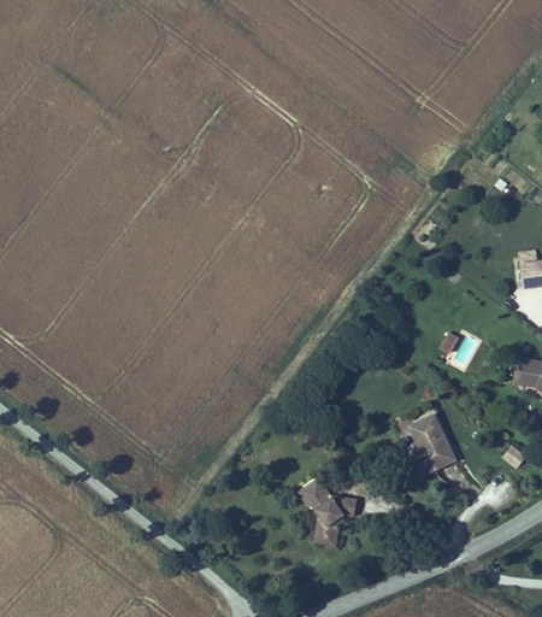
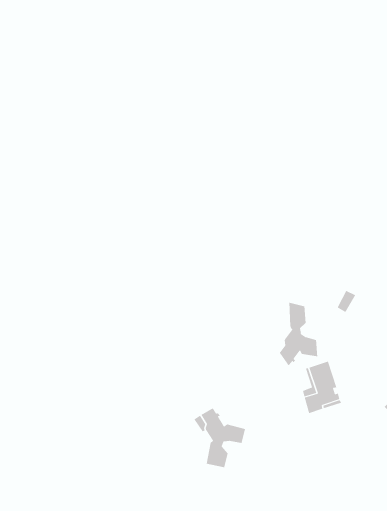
building: none -> [279,302,318,366]

